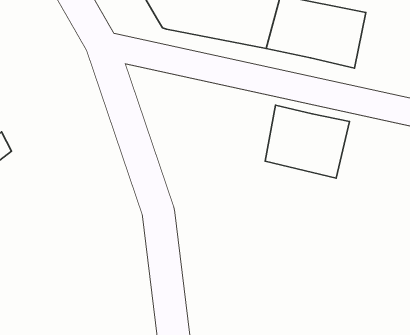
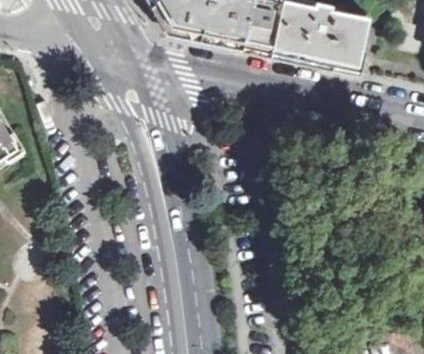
building: [265,105,349,178] -> none

